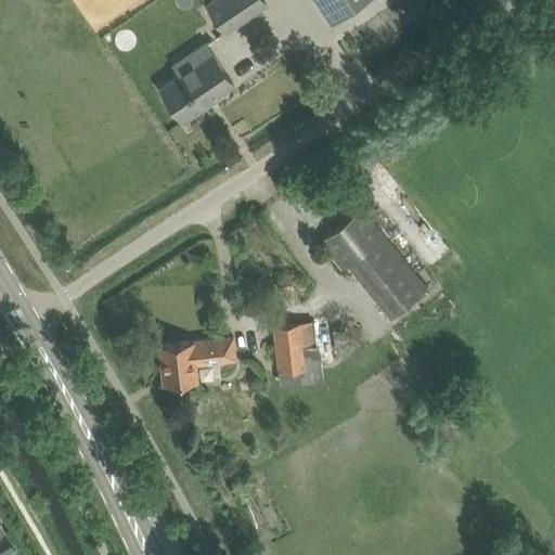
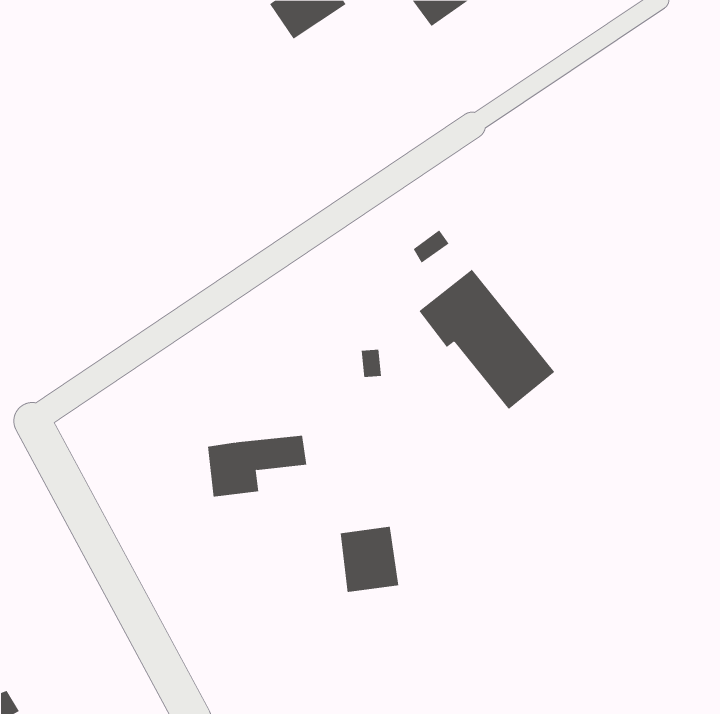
building: [160,55,234,125] -> none
building: [273,323,319,374] -> [340,526,399,592]

